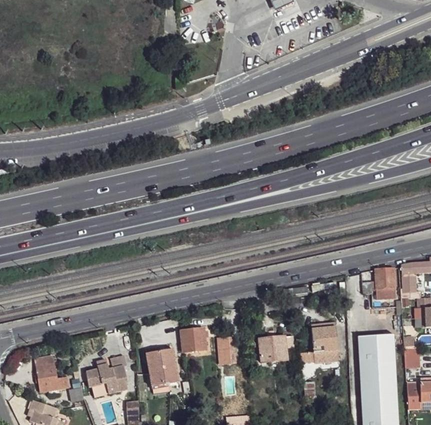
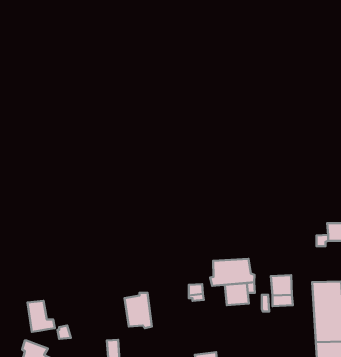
building: none -> [210,259,254,286]
building: [180,328,205,352] -> none
building: [86,360,127,394] -> none

